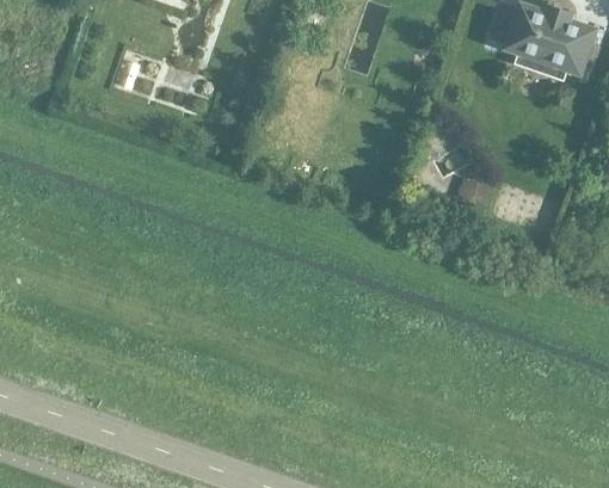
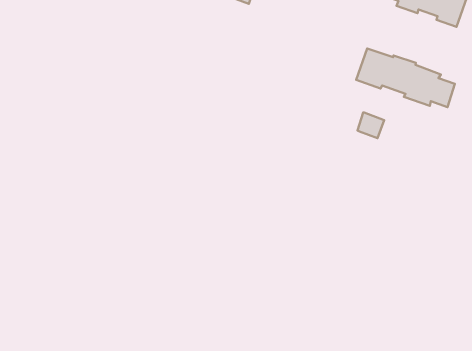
building: none -> [356,48,455,107]

